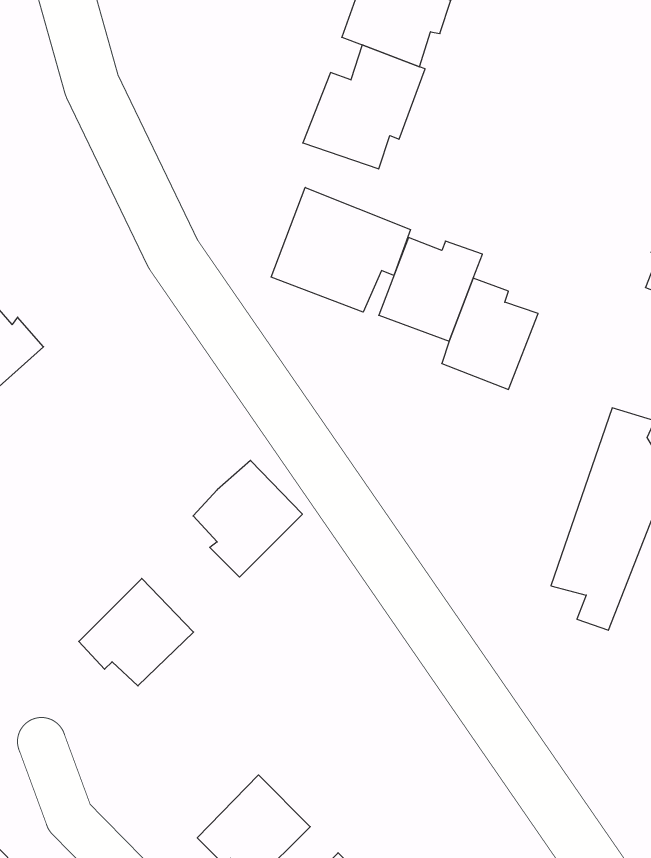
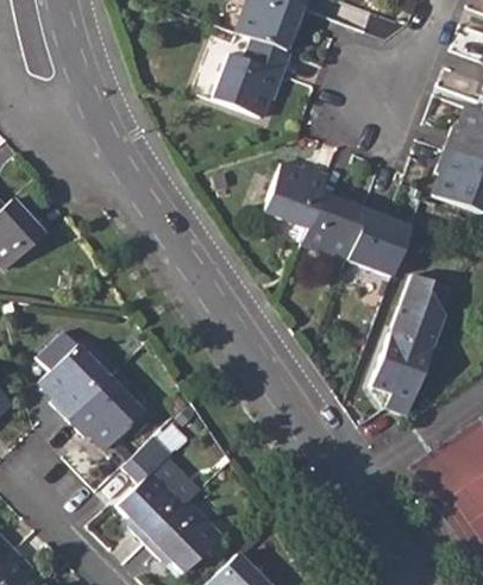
building: [271,187,410,312] -> none
building: none -> [345,203,409,276]
building: [193,460,302,577] -> [39,345,109,420]
building: none -> [115,436,199,546]

